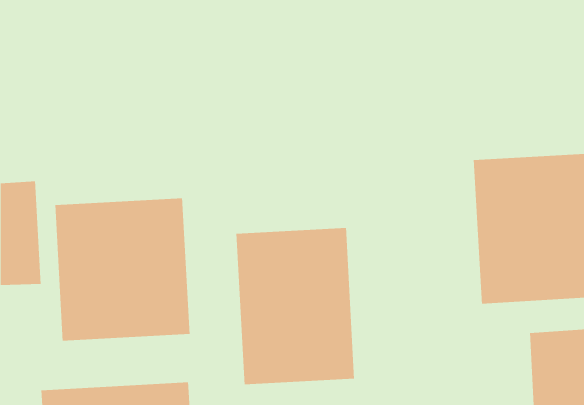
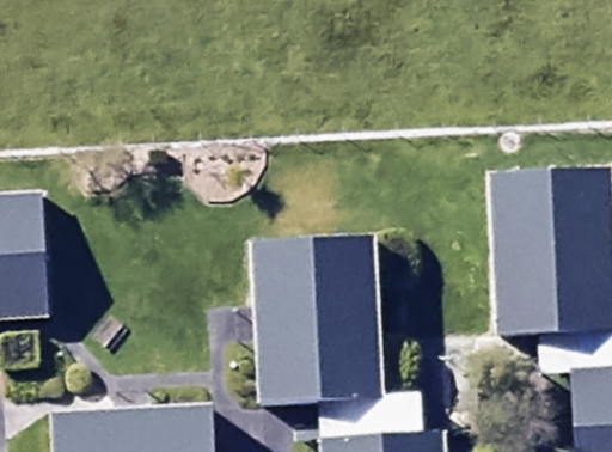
building: [55,197,190,342] -> none

